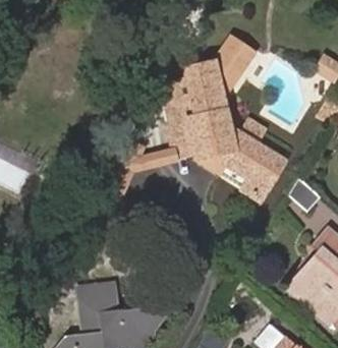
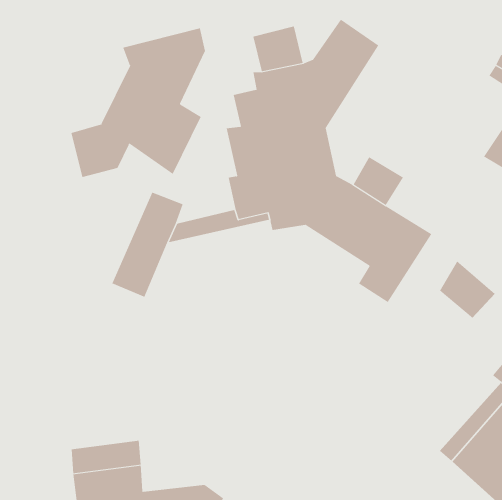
building: none -> [71,28,206,178]

